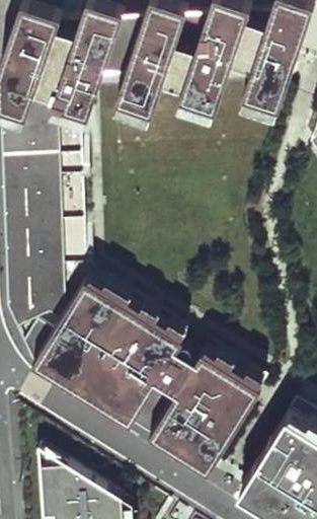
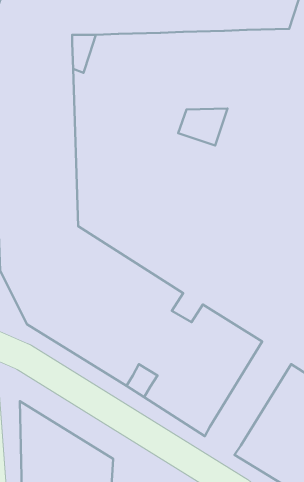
building: [243,71,293,107] -> none
building: [180,73,229,109] -> [178,108,227,145]
building: [117,75,166,113] -> none

